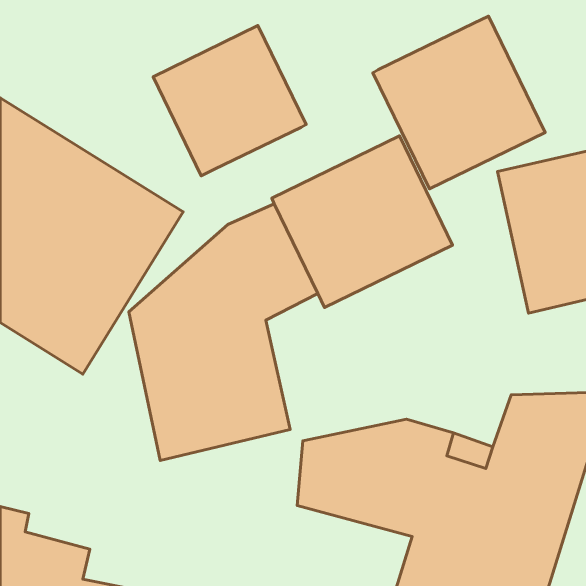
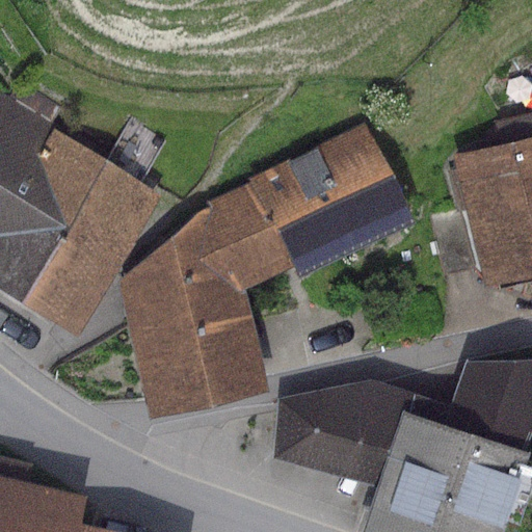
building: [373,16,545,189] -> none
building: [153,25,306,176] -> none

